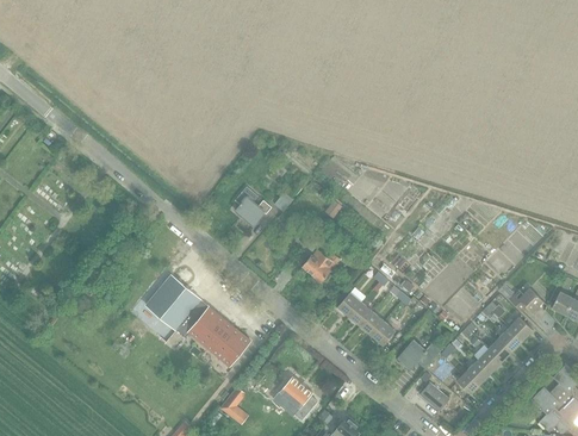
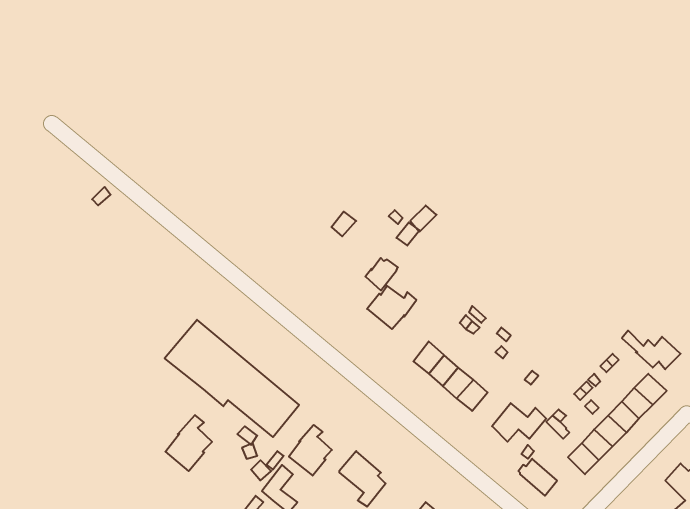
building: [235,187,271,224] -> none
building: none -> [165,415,212,471]
building: none -> [289,425,332,476]

